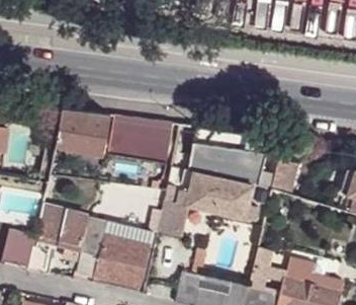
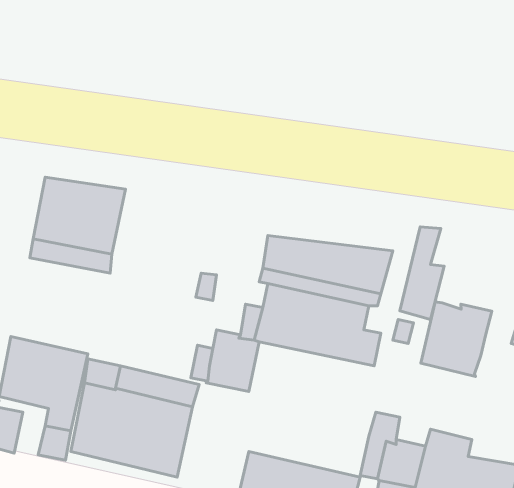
building: [107,118,174,163] -> none
building: none -> [421,302,492,377]

